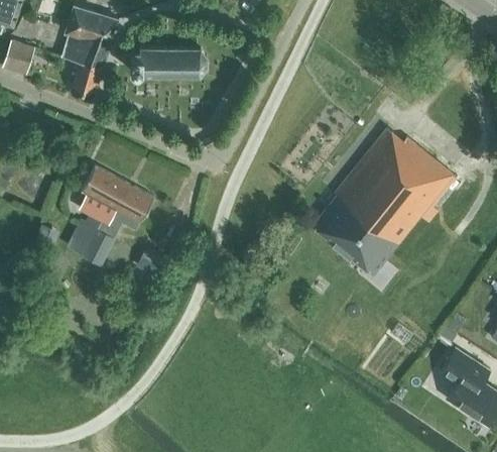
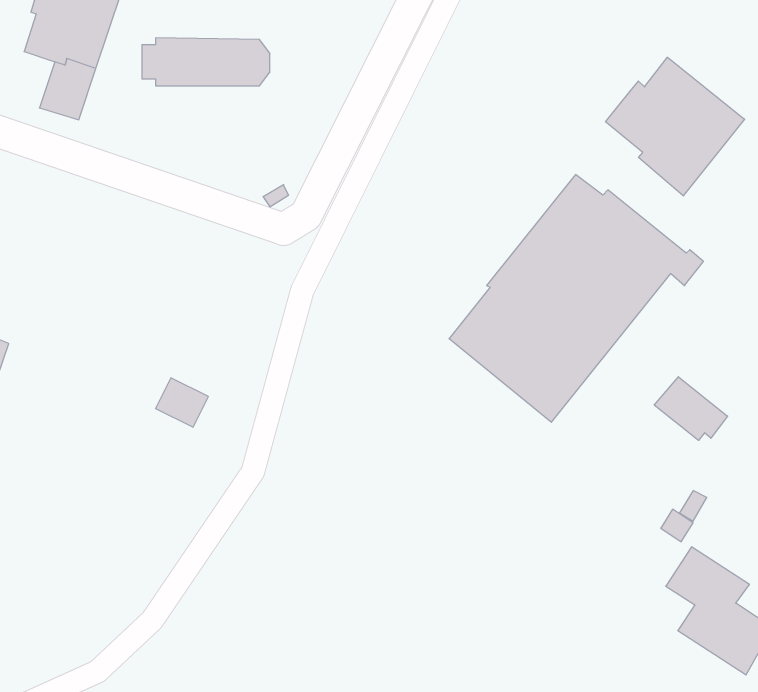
building: none -> [606,57,745,196]
building: [70,166,154,262] -> none
building: none -> [654,377,728,440]

